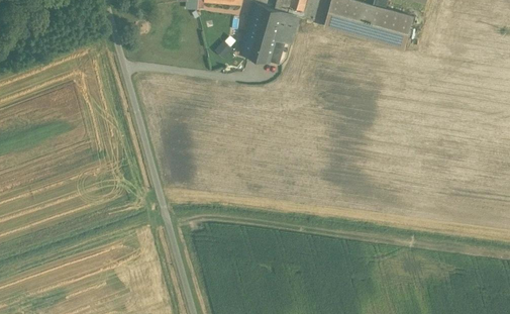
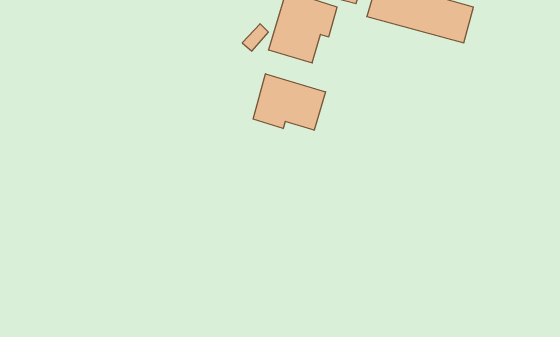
building: none -> [253,74,326,130]

